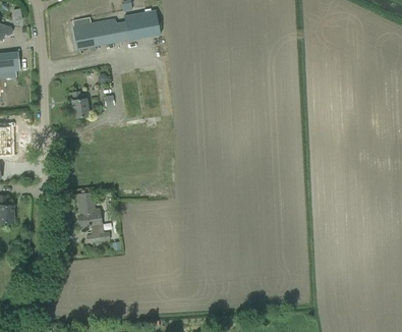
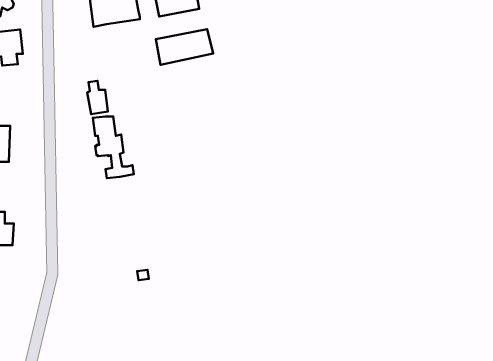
building: none -> [156,29,213,65]
building: [76,193,109,242] -> [93,116,134,178]

